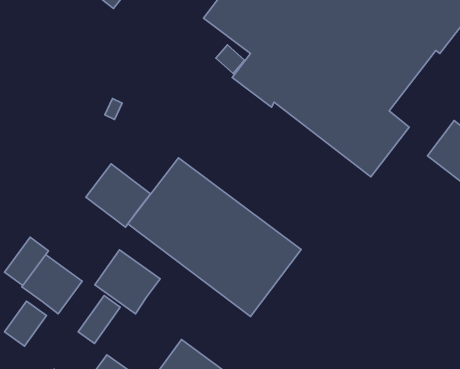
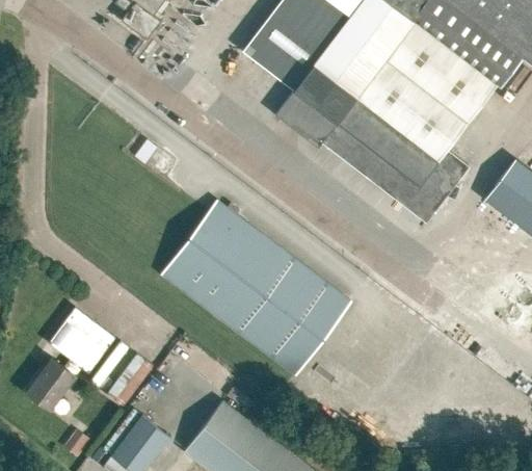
building: [86,164,151,227] -> none
building: [5,237,48,286] -> none
building: [95,250,160,314] -> none

